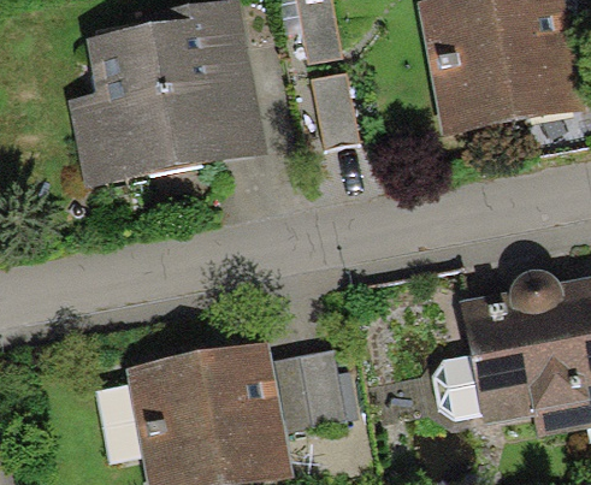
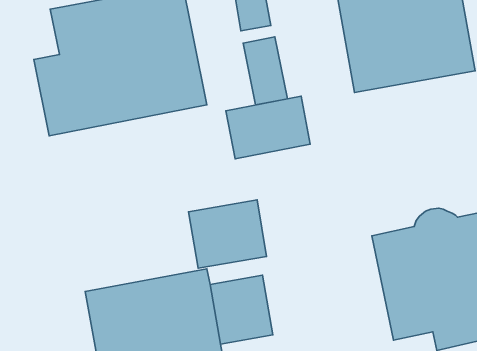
building: none -> [226,96,310,159]
building: none -> [189,200,267,268]

